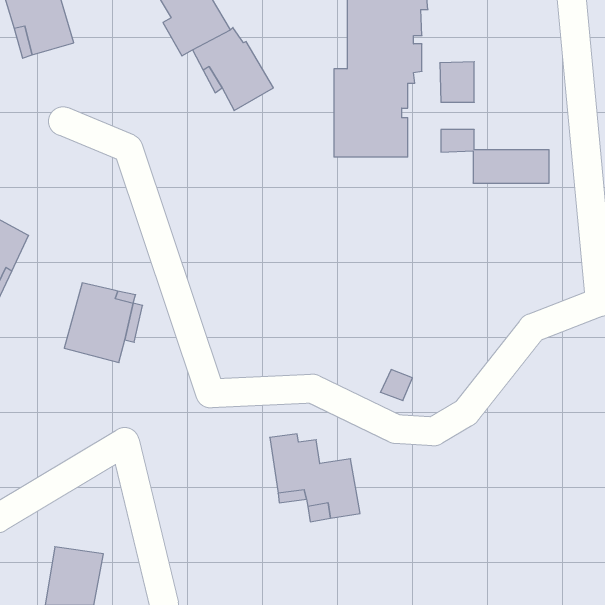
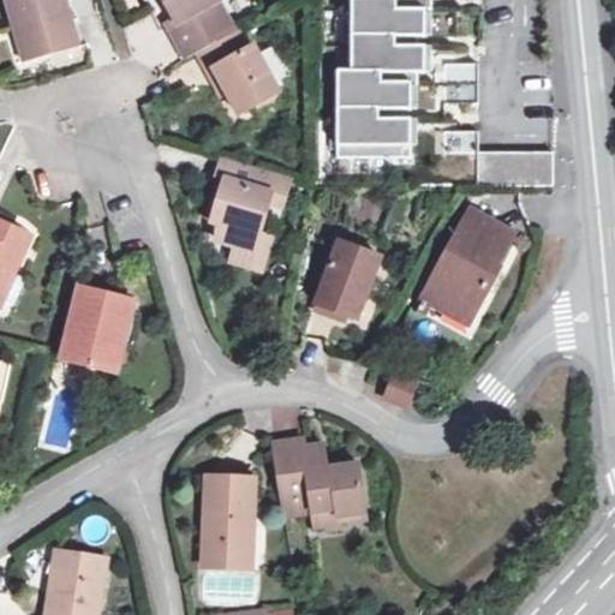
building: none -> [201,157,271,250]
building: none -> [422,211,510,323]
building: none -> [315,241,378,318]
building: none -> [199,476,252,568]

